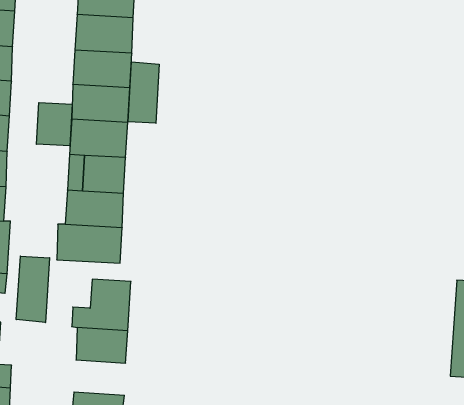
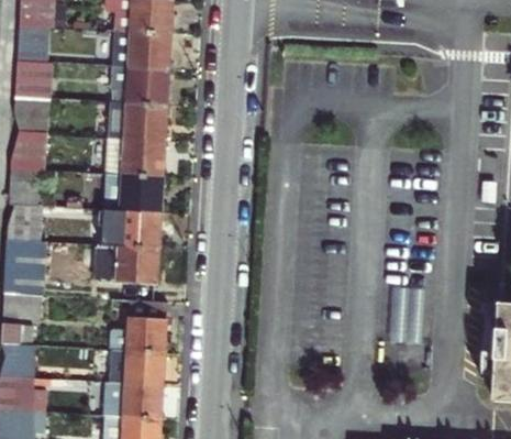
building: [128,62,159,123] -> none
building: [36,103,72,146] -> none
building: [16,256,50,323] -> none
building: none -> [110,383,163,419]

